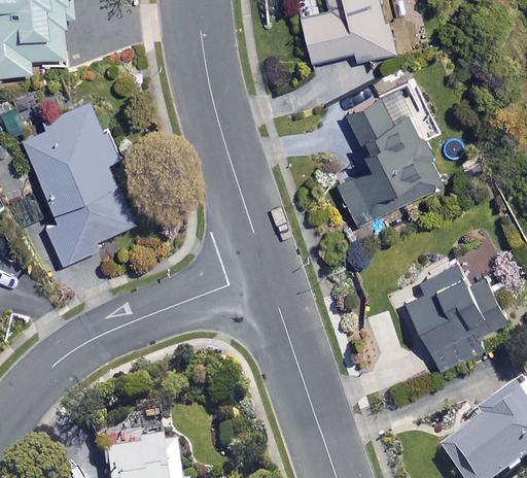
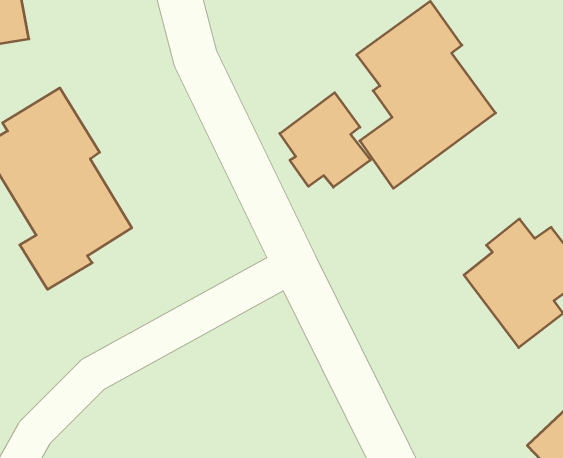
building: none -> [280,93,370,187]

